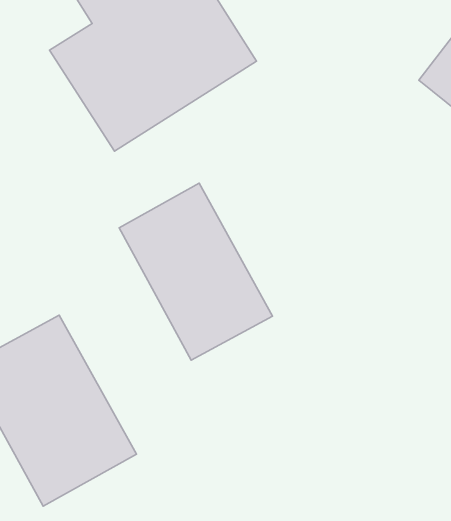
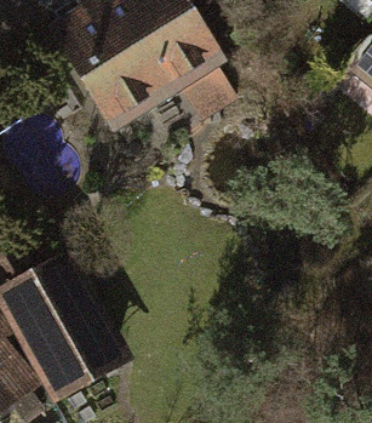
building: [119,183,272,360] -> none

